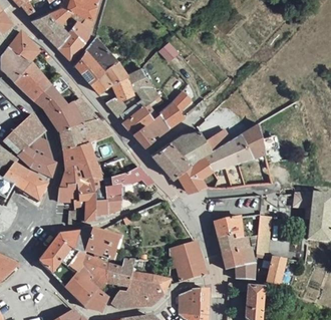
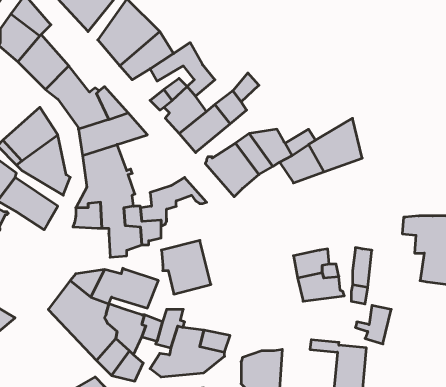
building: [180,152,217,192] -> none
building: [170,241,206,280] -> [161,240,211,294]
building: [224,250,258,278] -> none

